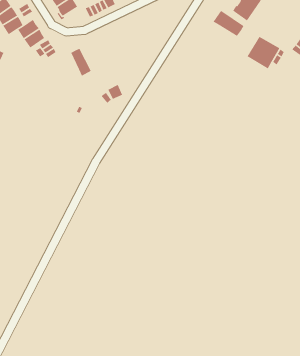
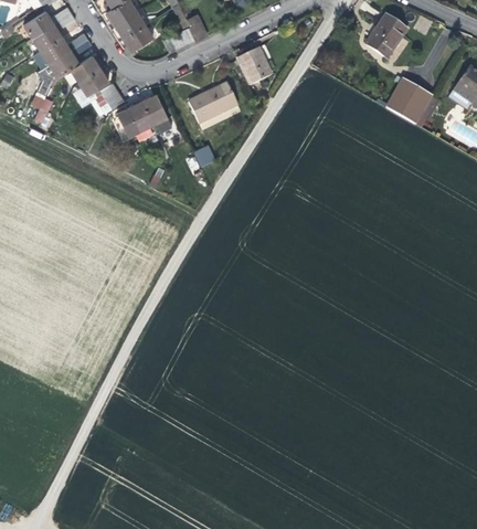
building: [213,10,244,37] -> none
building: none -> [234,46,272,85]
building: none -> [188,82,237,123]
building: none -> [116,100,153,136]

